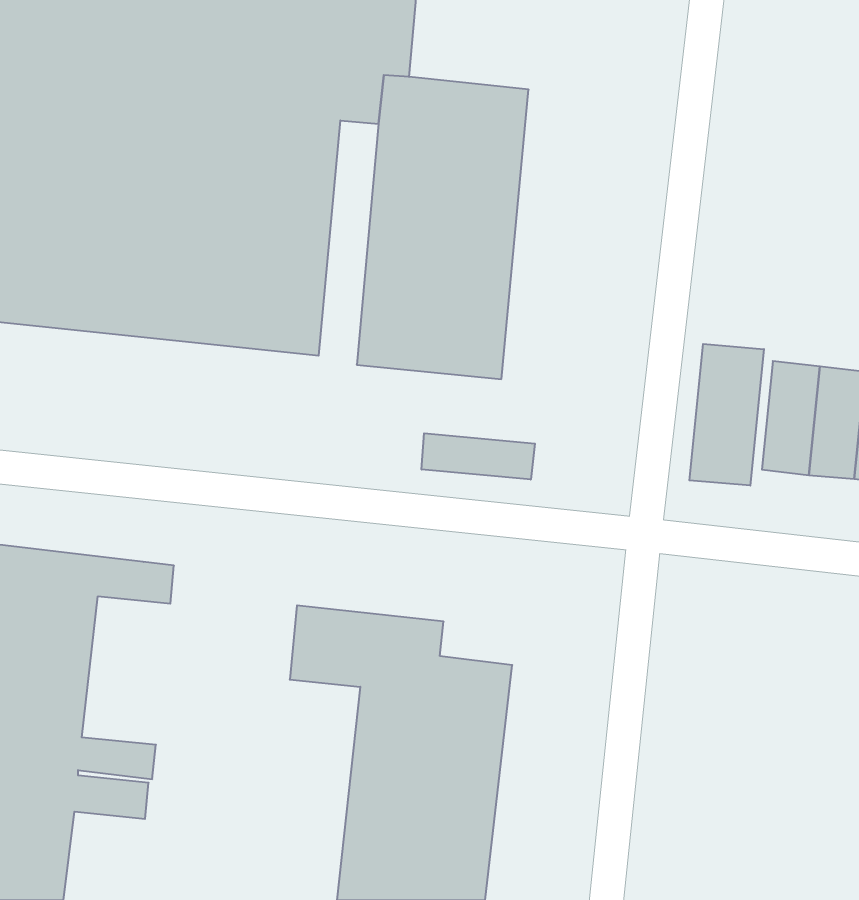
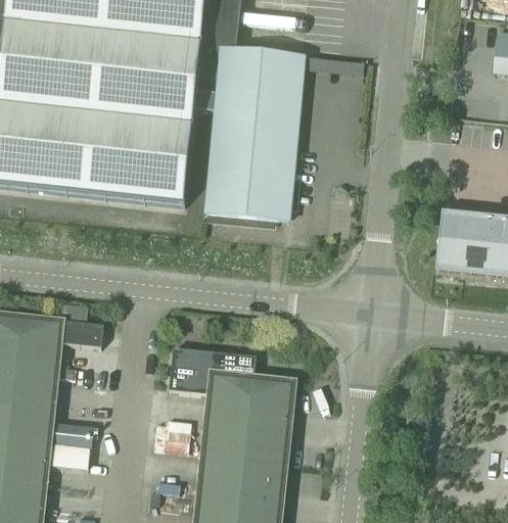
building: [689,344,764,486] -> none
building: [422,433,535,480] -> none

